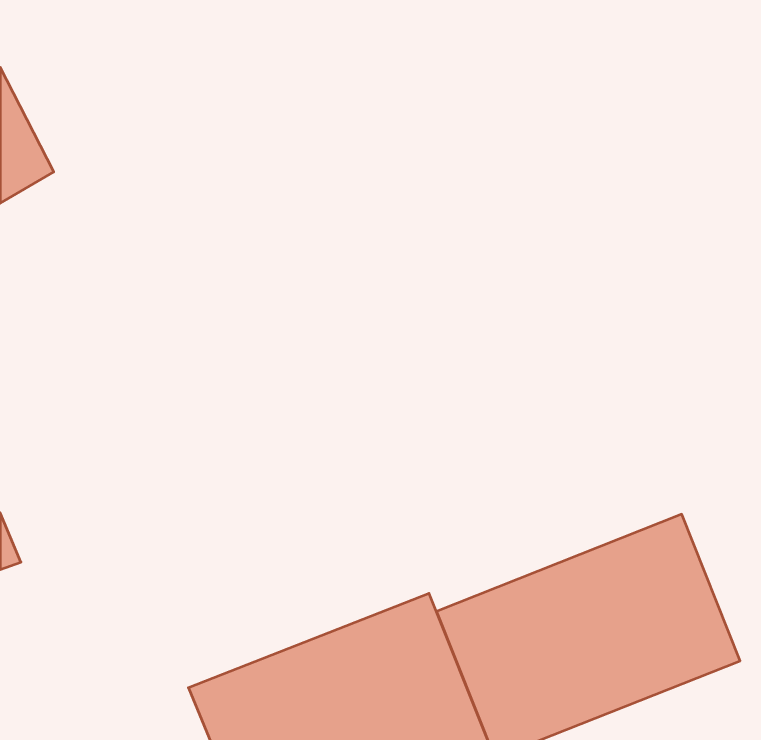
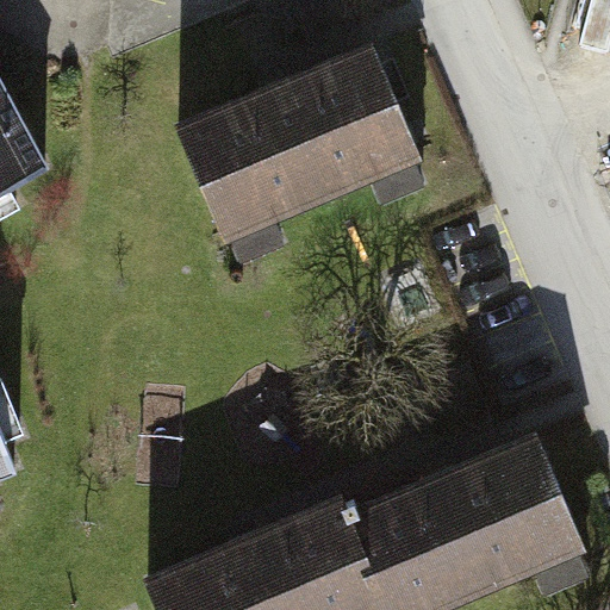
building: none -> [173,37,418,238]

